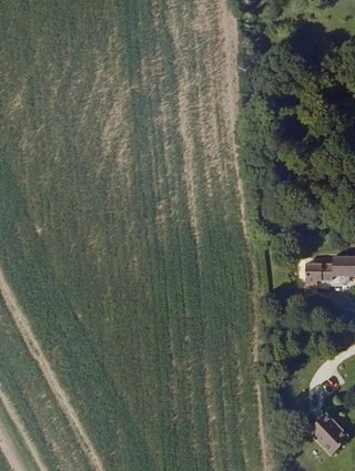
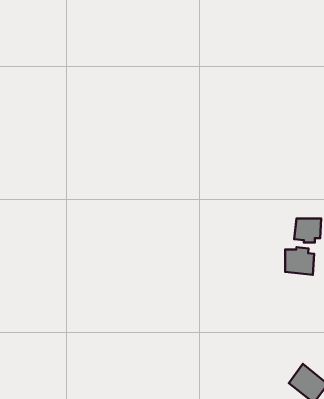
building: none -> [285,247,314,275]

